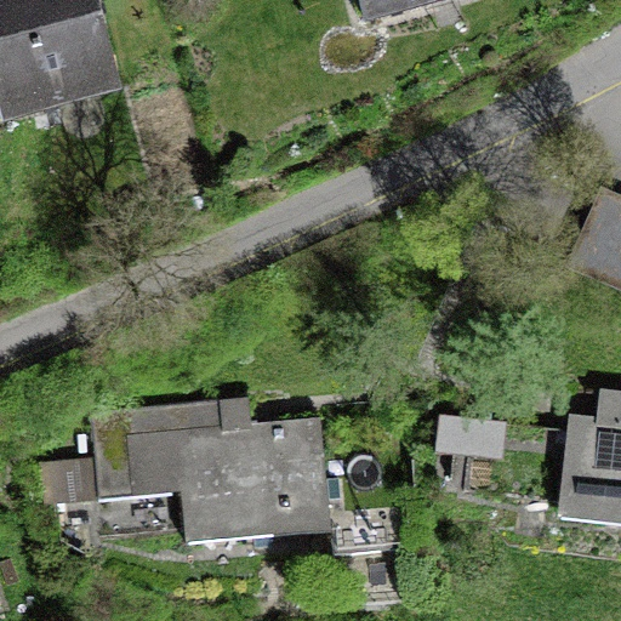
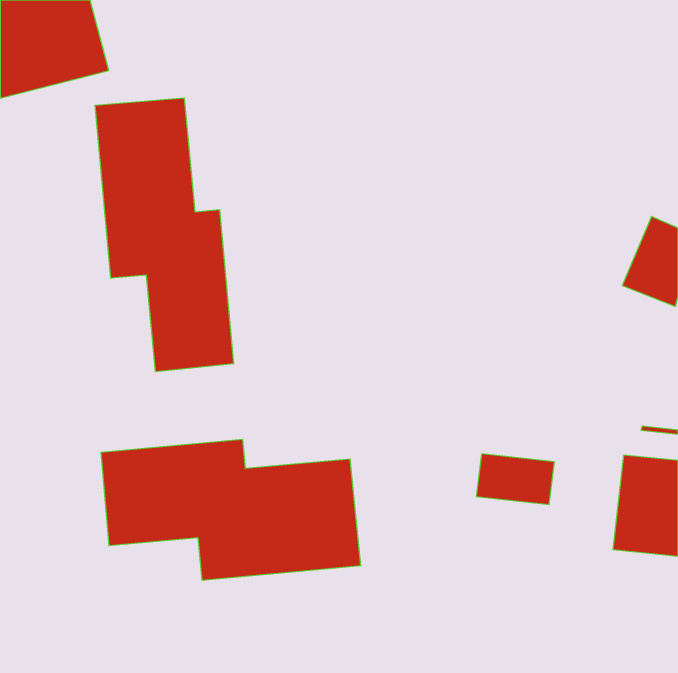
building: none -> [95,98,233,372]

